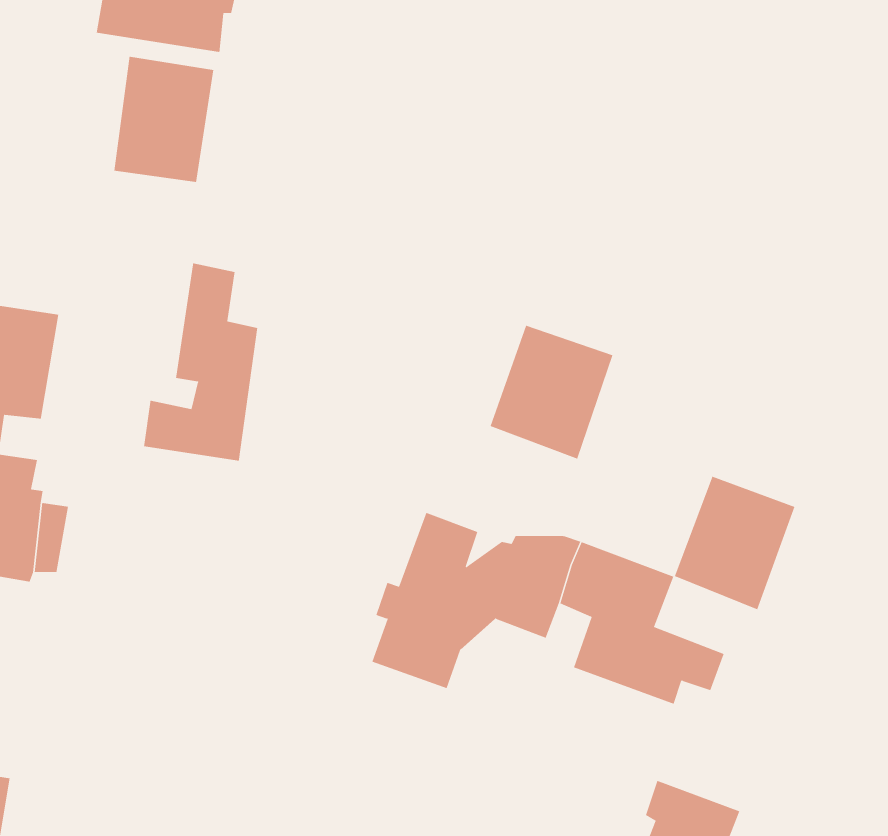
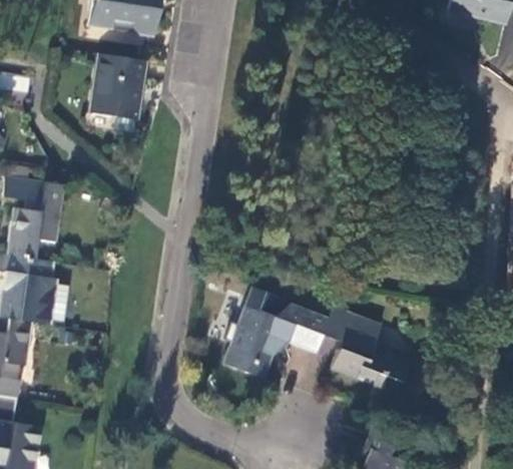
building: [143,263,258,461] -> none
building: [490,325,613,460] -> none
building: [674,476,795,610] -> none

